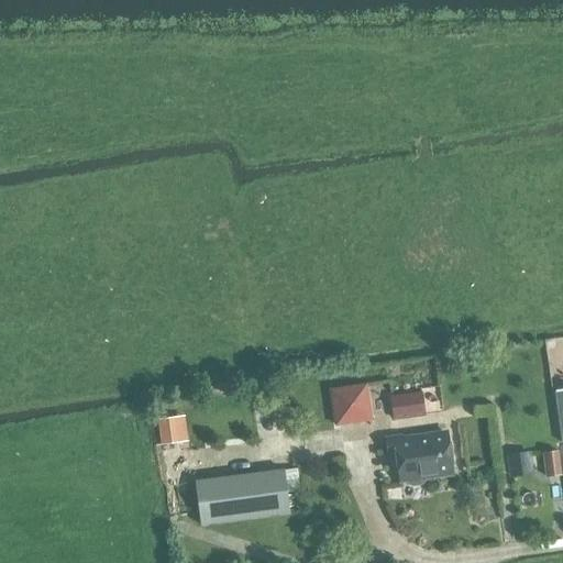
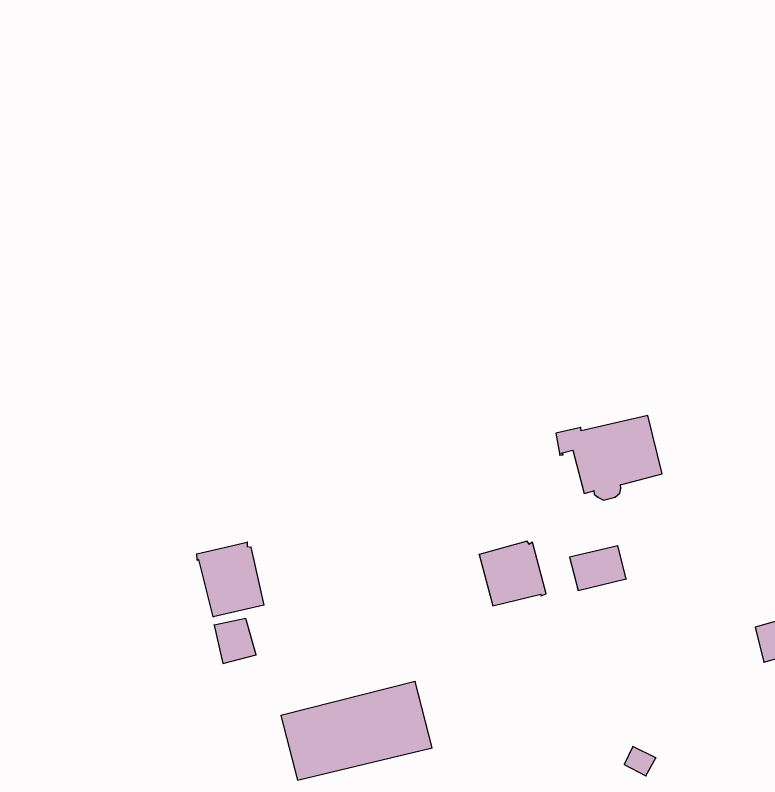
building: none -> [197,542,264,617]
building: [386,433,452,485] -> [556,416,662,500]

